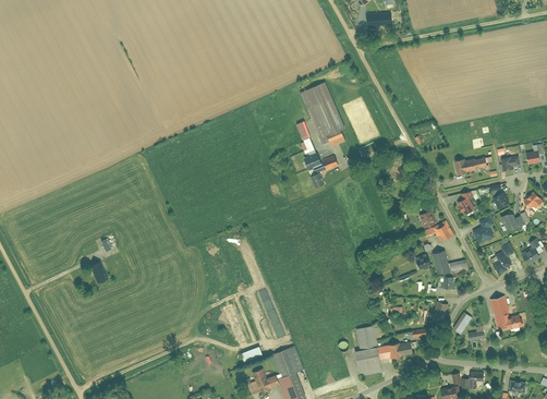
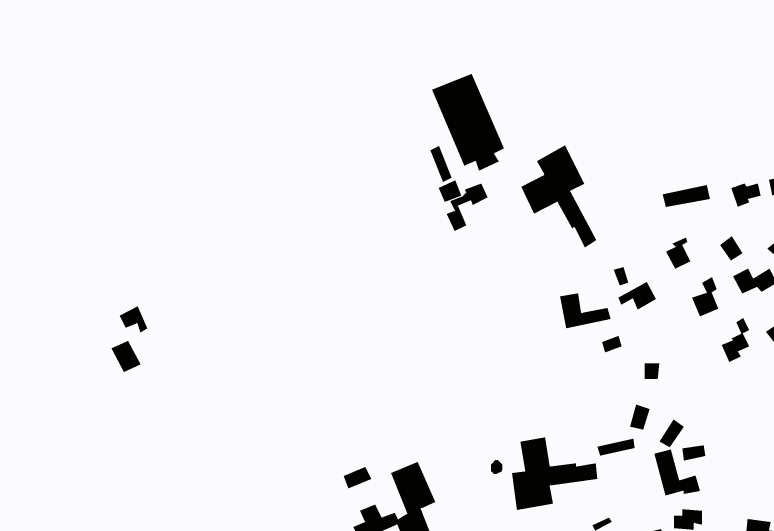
building: none -> [520,144,597,248]
building: [431,250,466,274] -> [559,293,611,329]
building: [489,295,521,327] -> [654,449,701,496]

